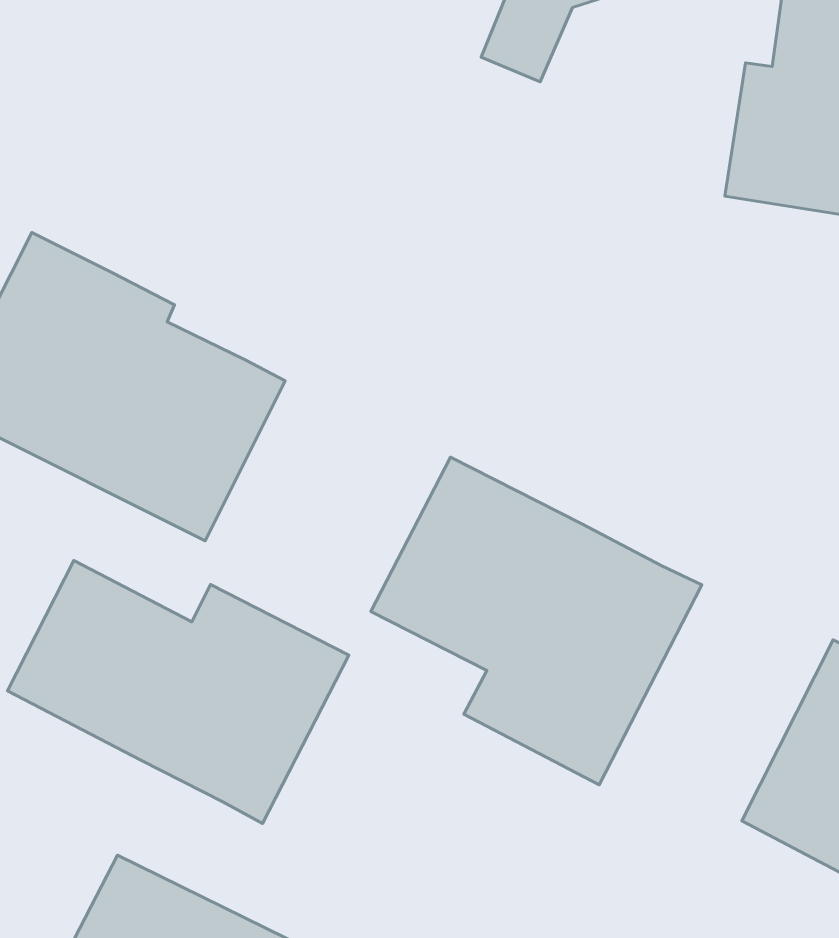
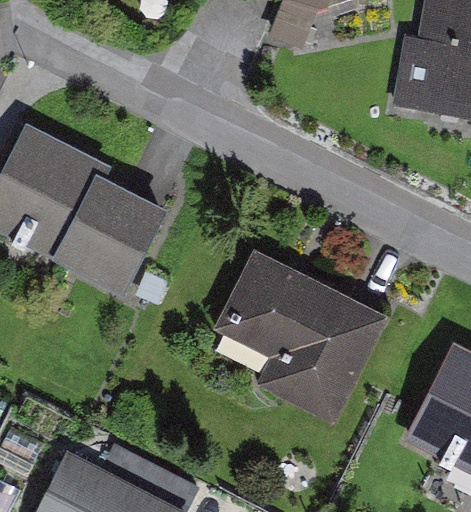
building: [8,561,349,823] -> none

